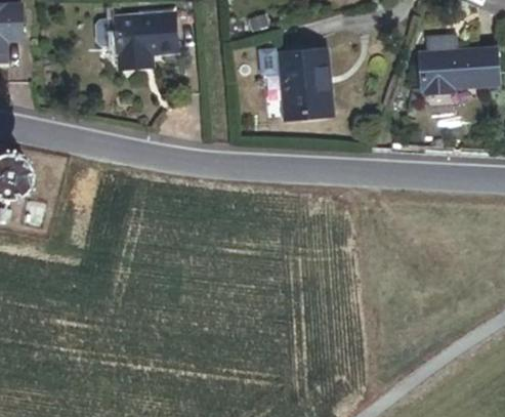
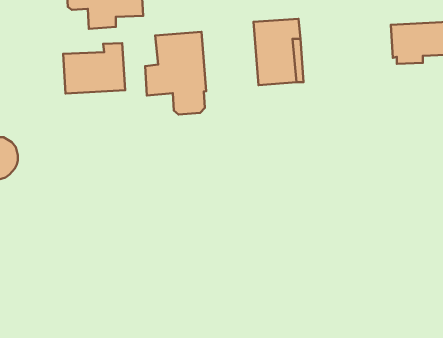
building: none -> [145,32,206,114]
building: none -> [63,43,125,94]

